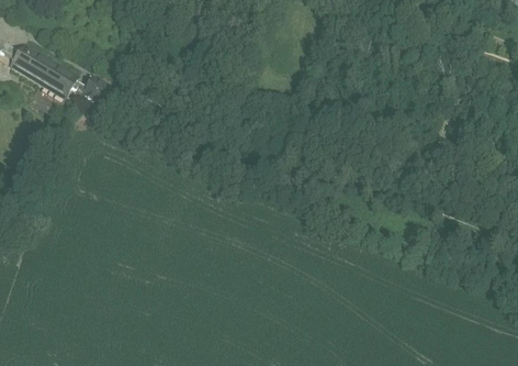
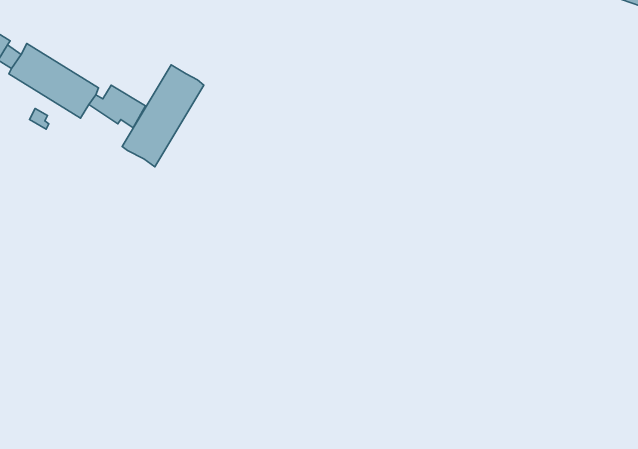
building: none -> [122,65,204,167]

